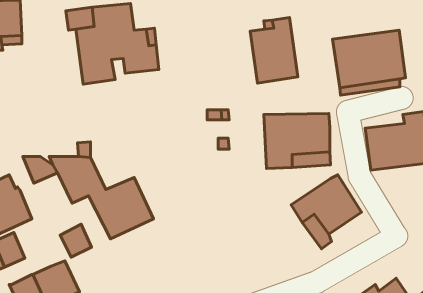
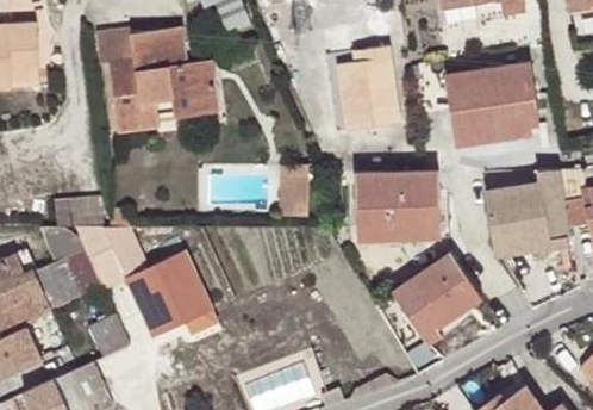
building: none -> [55,201,102,226]
building: none -> [36,248,102,308]

